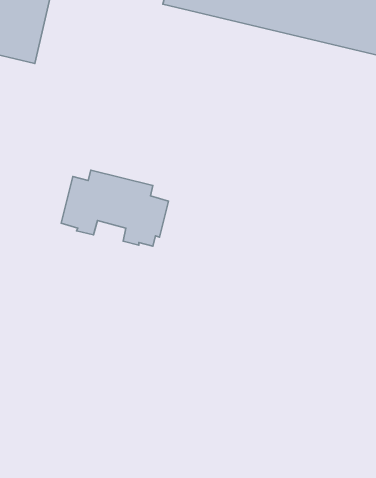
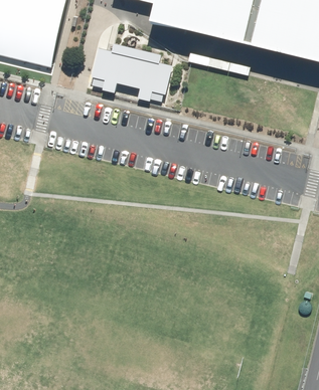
building: [61,170,168,246] -> [92,42,175,102]

